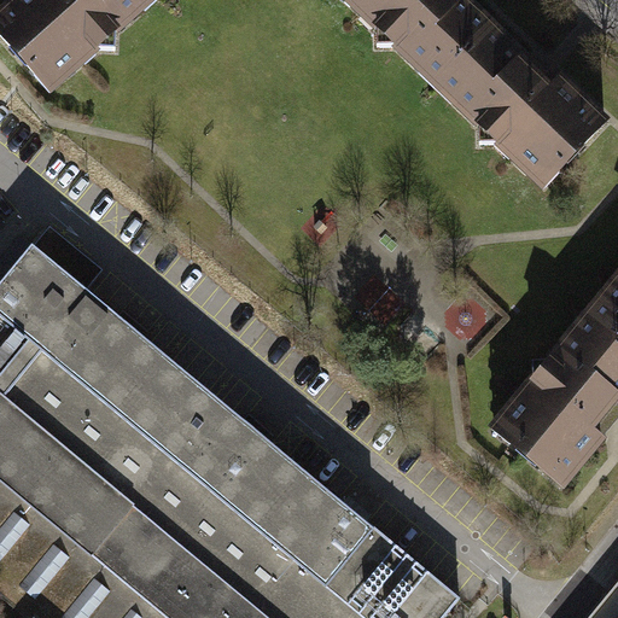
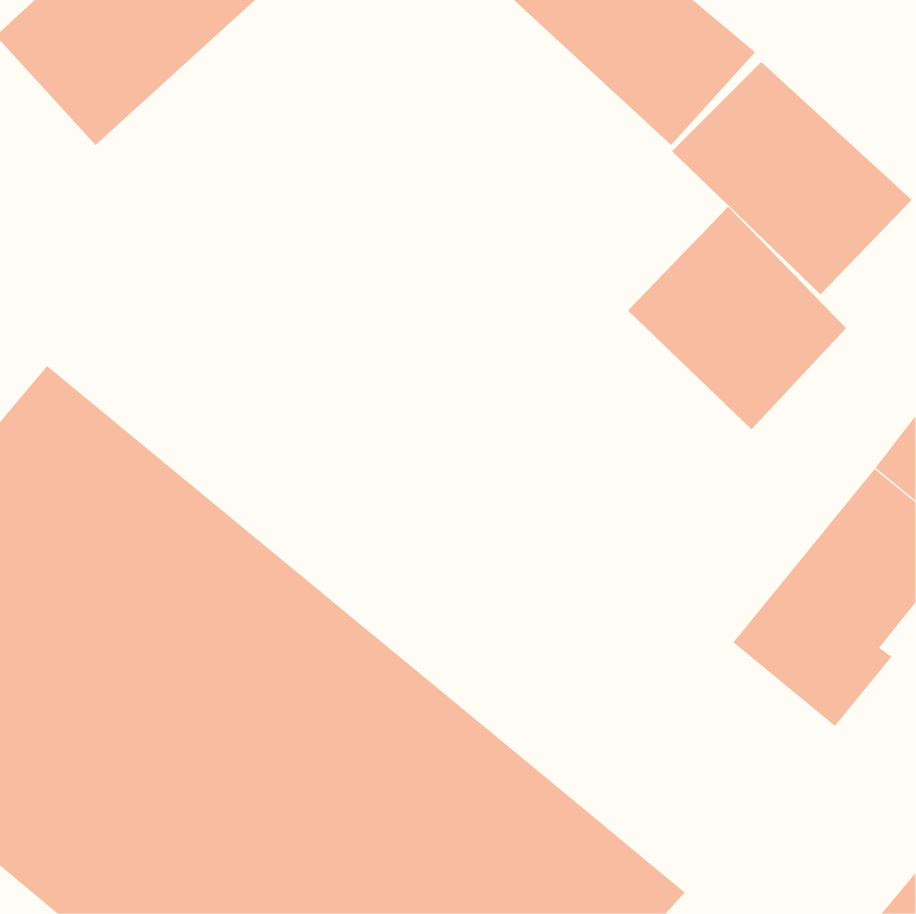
building: none -> [627,206,847,430]

